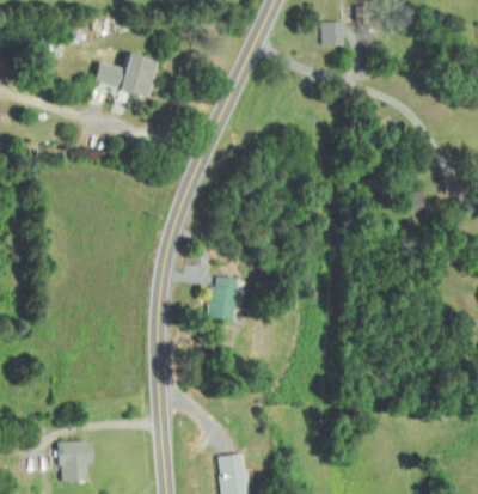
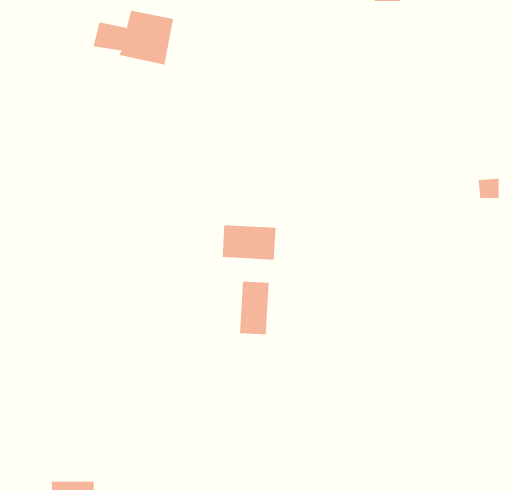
building: none -> [222,224,276,260]

